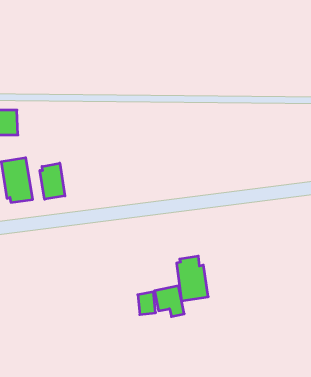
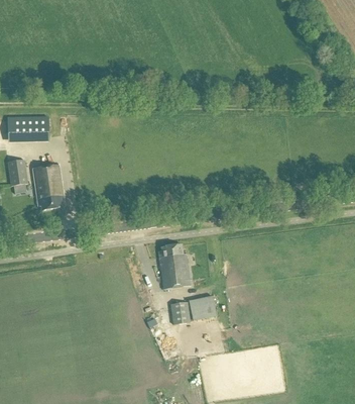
building: [40,163,65,199] -> none
building: [177,256,208,301] -> [157,242,190,288]

